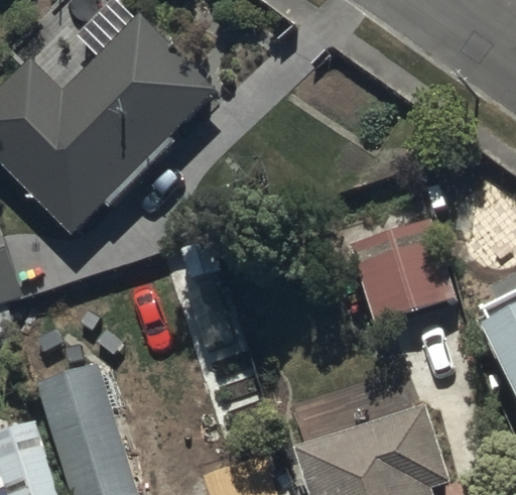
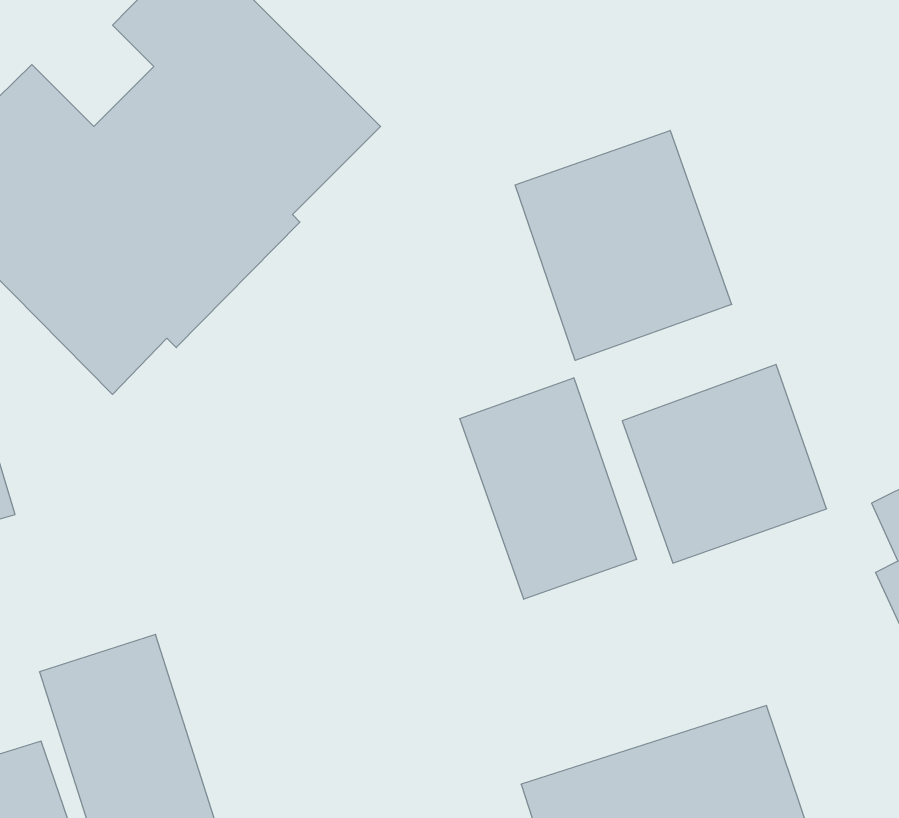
building: none -> [515,130,732,360]
building: none -> [460,378,637,599]

